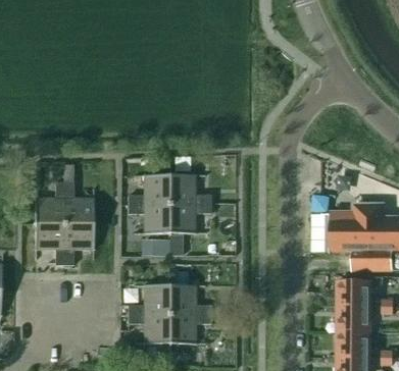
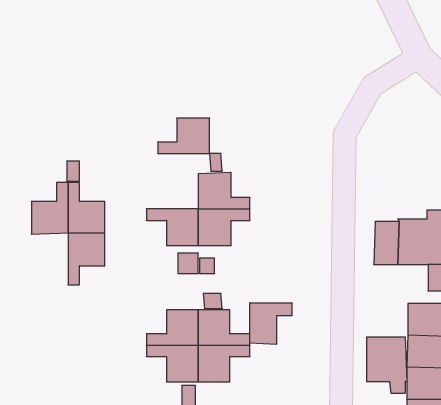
building: [128,175,169,204] -> [158,118,210,153]
building: [35,223,64,265] -> none
building: none -> [250,303,292,344]
building: none -> [367,337,407,393]

